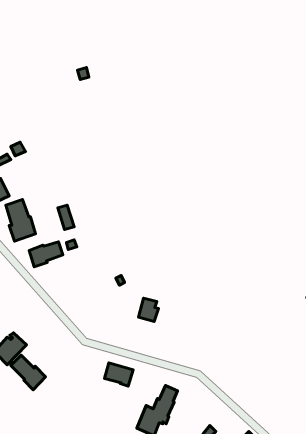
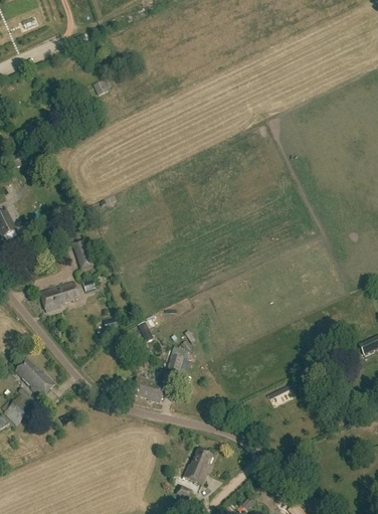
building: [6,200,35,241] -> none
building: [11,355,45,390] -> [15,357,55,397]
building: [105,363,133,386] -> [132,375,165,402]

